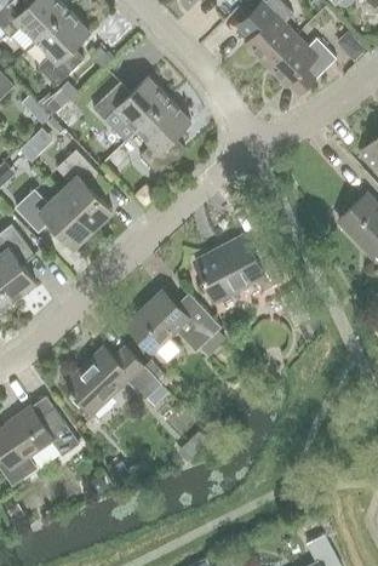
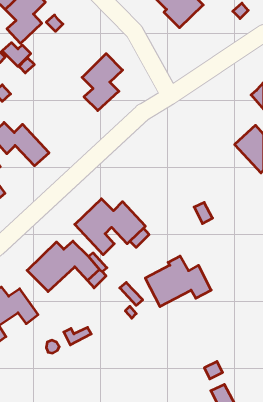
building: [264,34,336,93] -> none
building: [91,76,167,130] -> none
building: [56,149,111,229] -> none
building: [195,235,282,302] -> [145,256,211,307]

